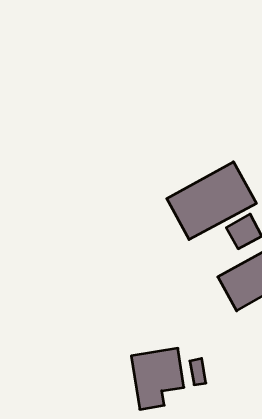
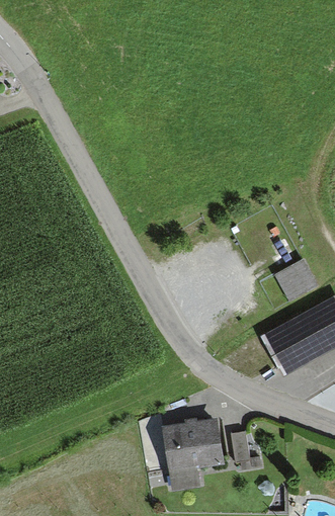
building: [167,162,256,240] -> none

